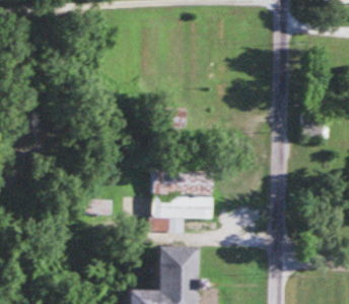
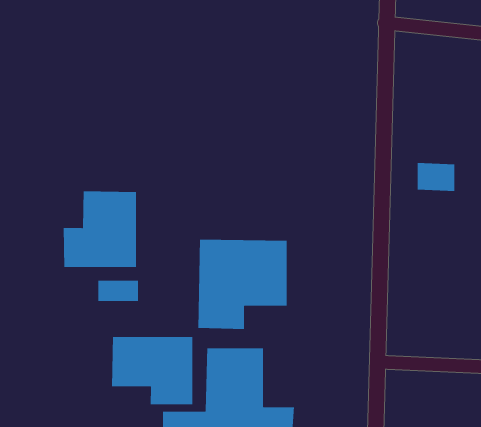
building: none -> [63,191,137,268]
building: none -> [111,336,193,405]

